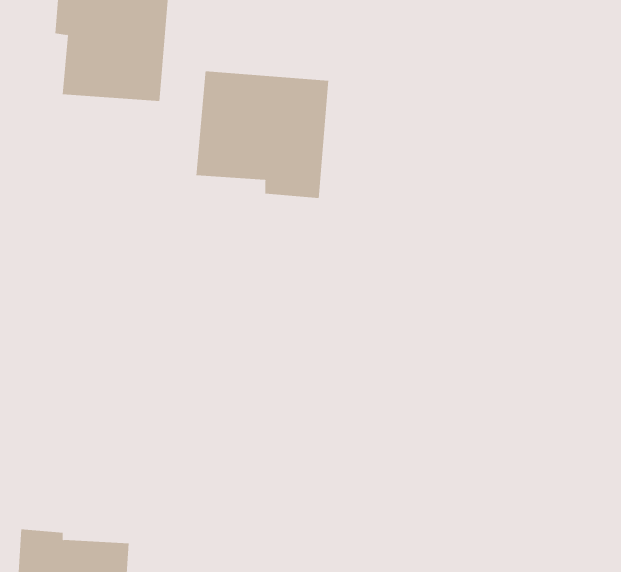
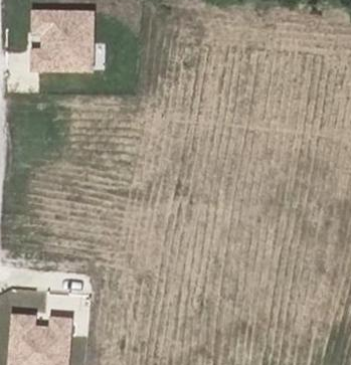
building: [196,71,329,199] -> none

